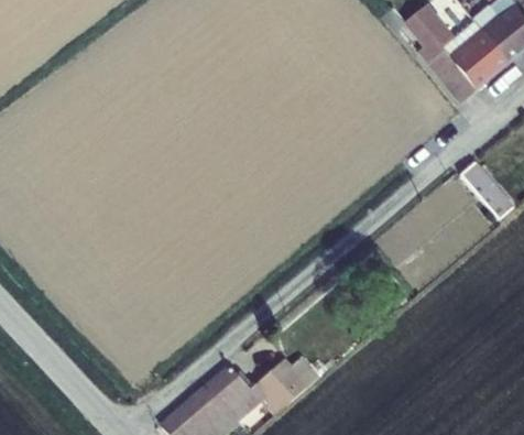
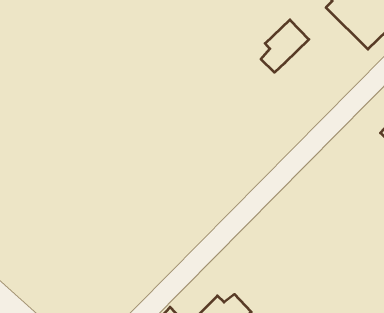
building: none -> [261,20,309,72]

